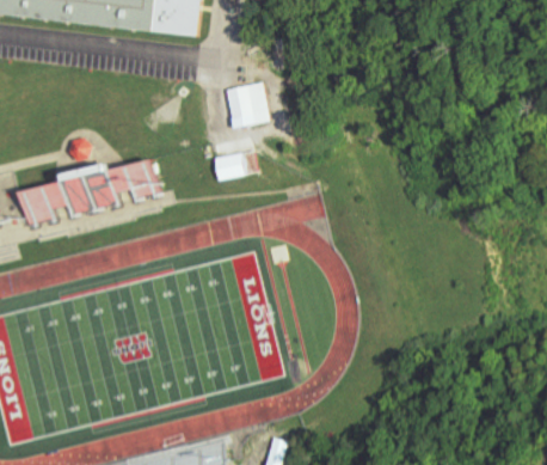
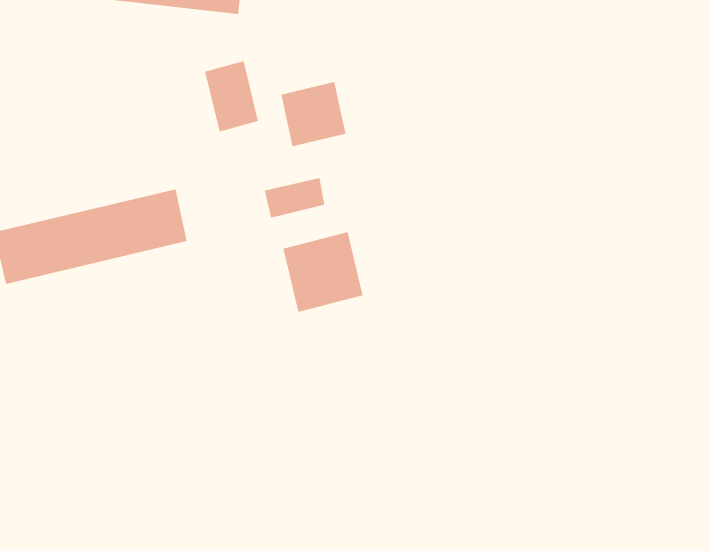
building: none -> [204,60,259,132]
building: none -> [283,231,364,313]

